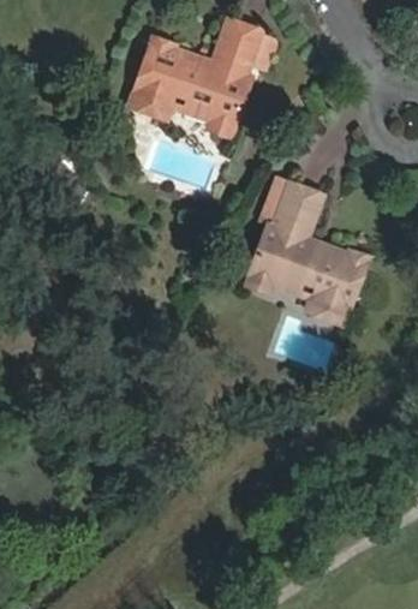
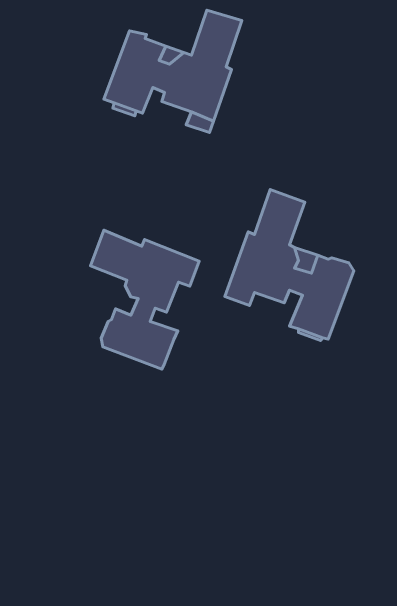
building: none -> [90,230,199,369]

